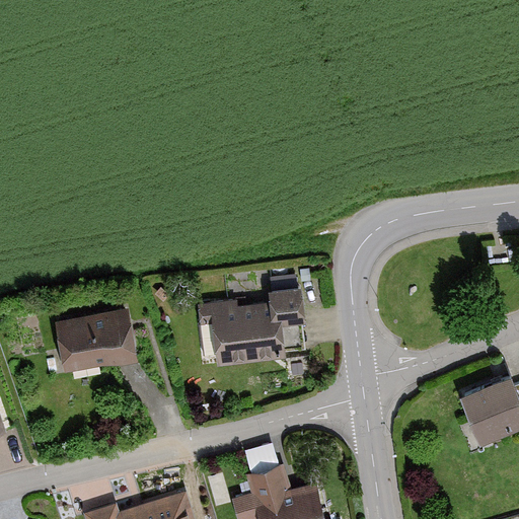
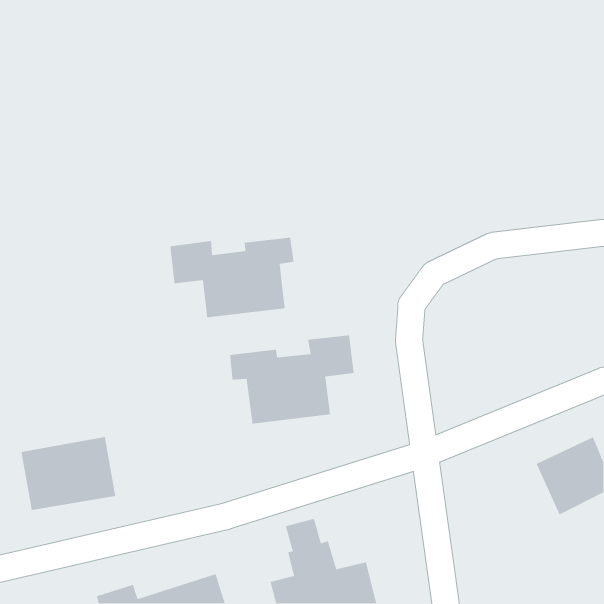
building: none -> [169,237,295,318]
building: [55,307,137,371] -> [20,436,116,511]

